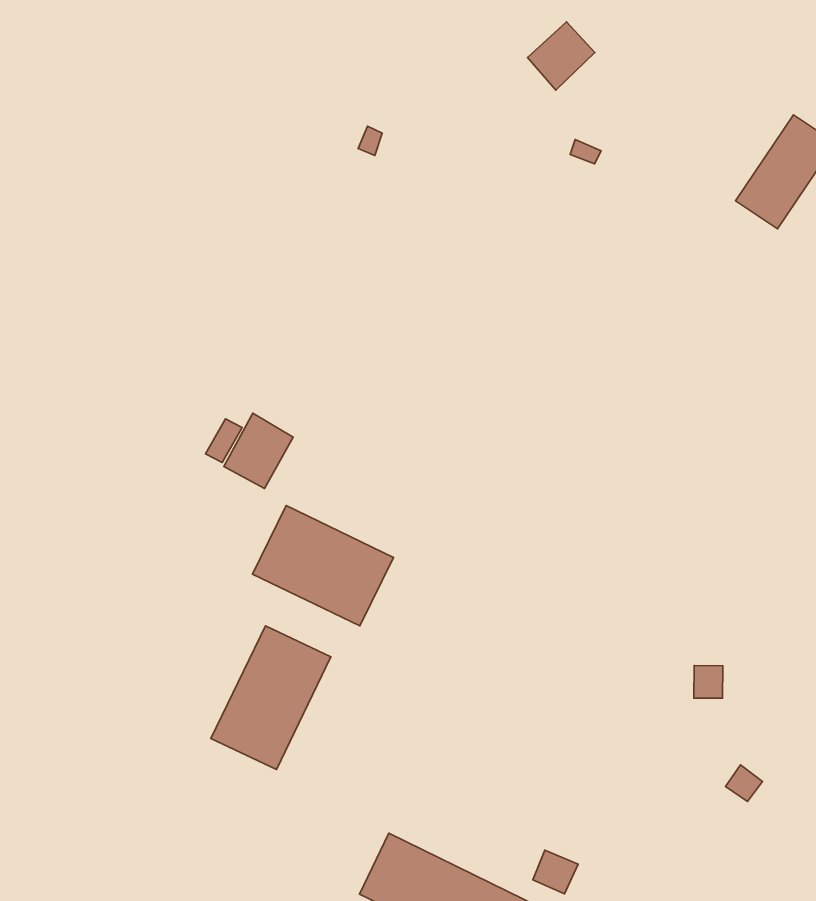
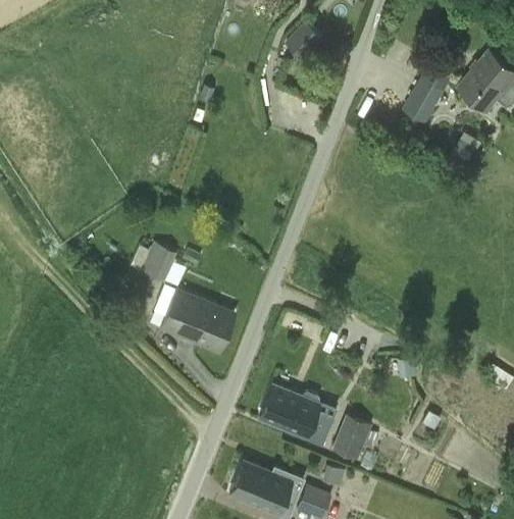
building: [211,626,331,770] -> none
building: none -> [258,384,337,445]
building: none -> [330,416,377,462]

